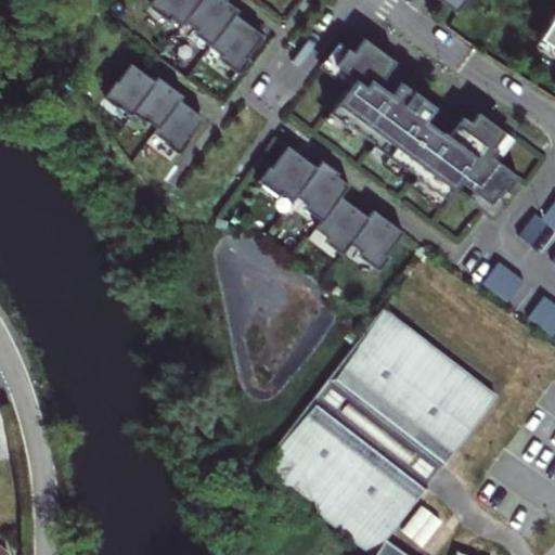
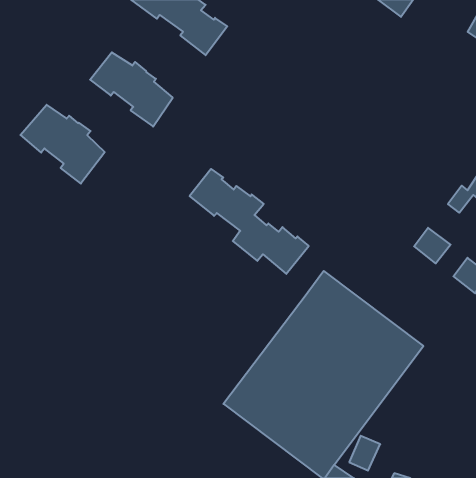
building: [328,36,515,206] -> none
building: none -> [20,105,105,184]
building: [264,145,402,267] -> [190,169,309,274]

